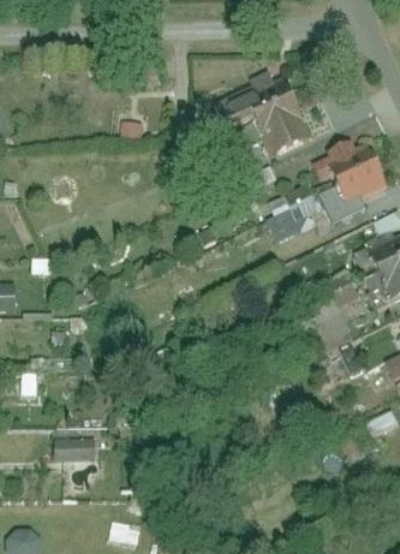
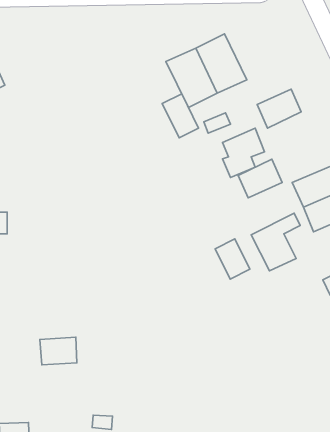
building: none -> [162,94,199,138]
building: [326,166,377,212] -> [238,159,282,198]
building: none -> [215,239,250,279]

